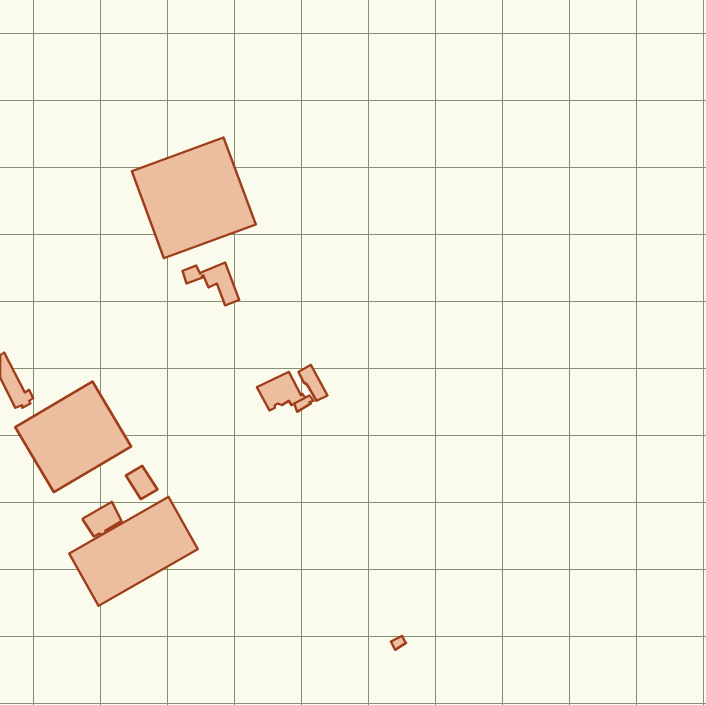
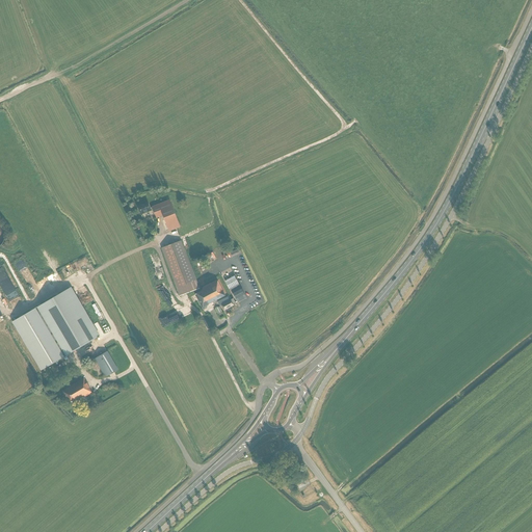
building: [132,138,256,258] -> none
building: none -> [161,239,200,295]
building: [69,497,198,606] -> none

